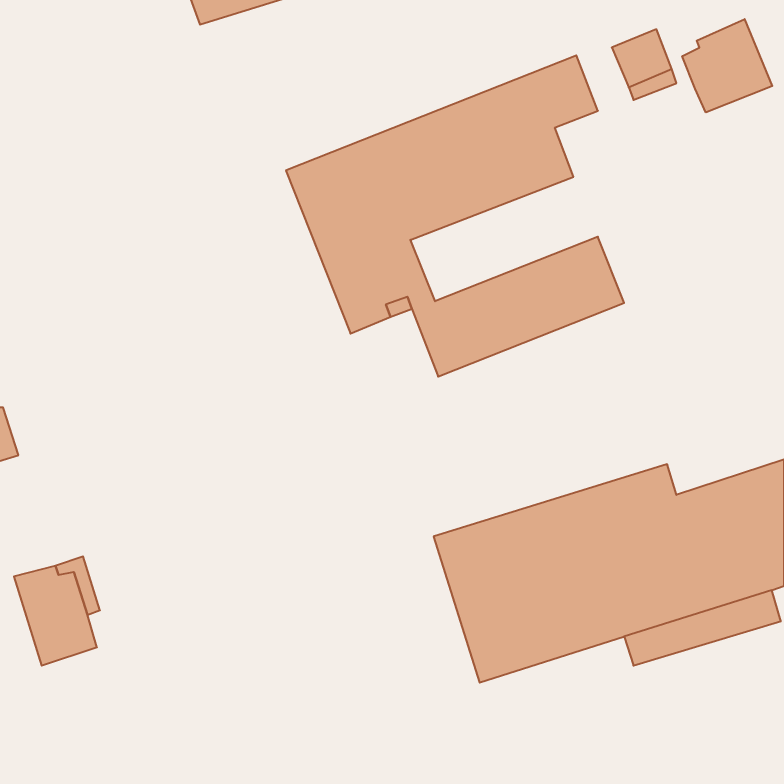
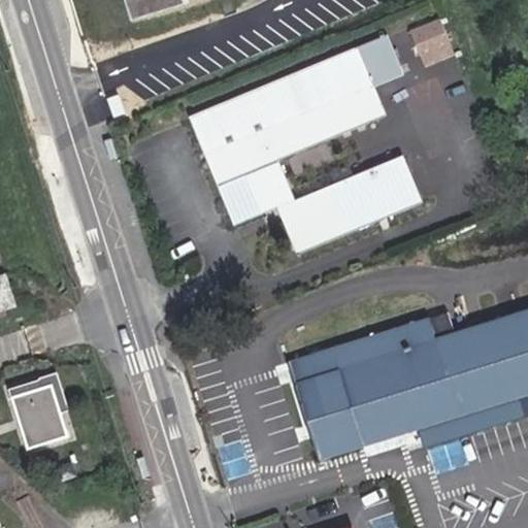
building: [682,19,772,112] -> none

